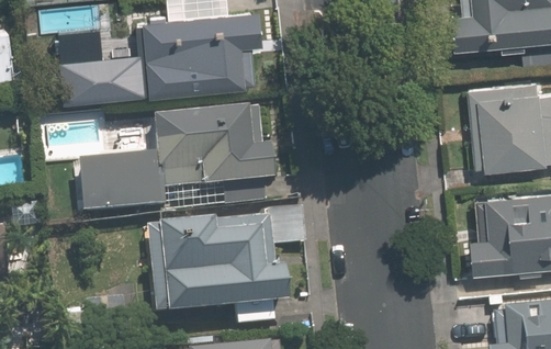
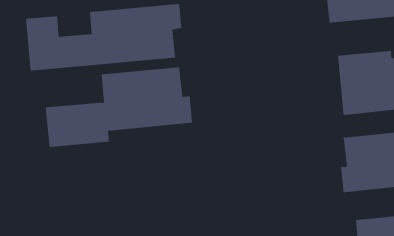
building: [147,216,290,314] -> none

